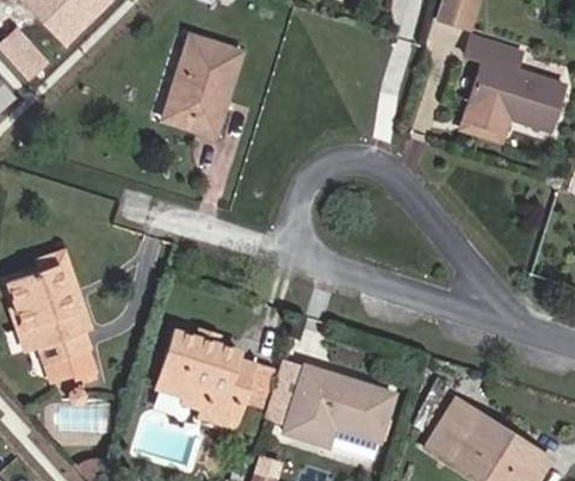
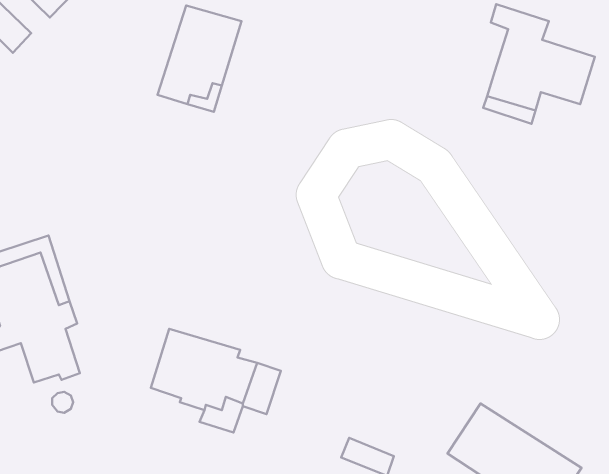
building: [284,365,392,444] -> none

